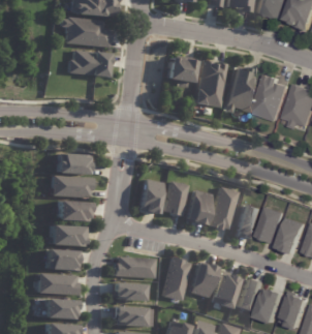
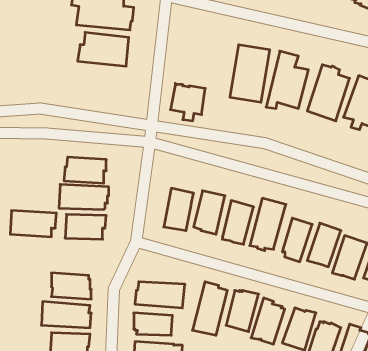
building: [165,57,194,88] -> [170,83,205,121]
building: [49,225,87,247] -> [10,211,56,237]

